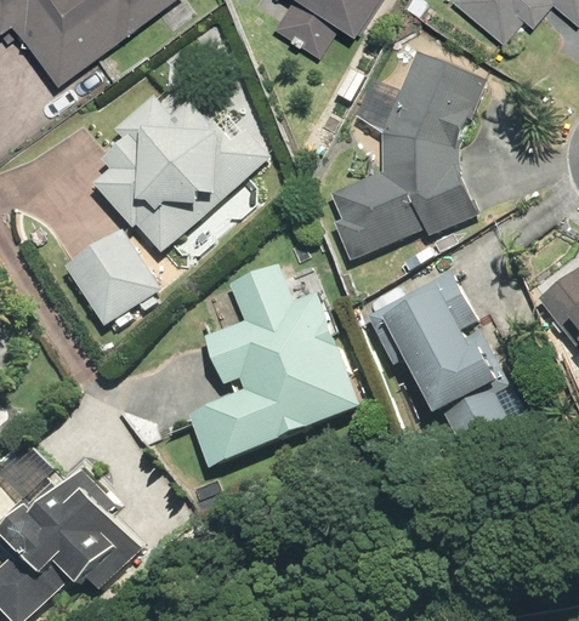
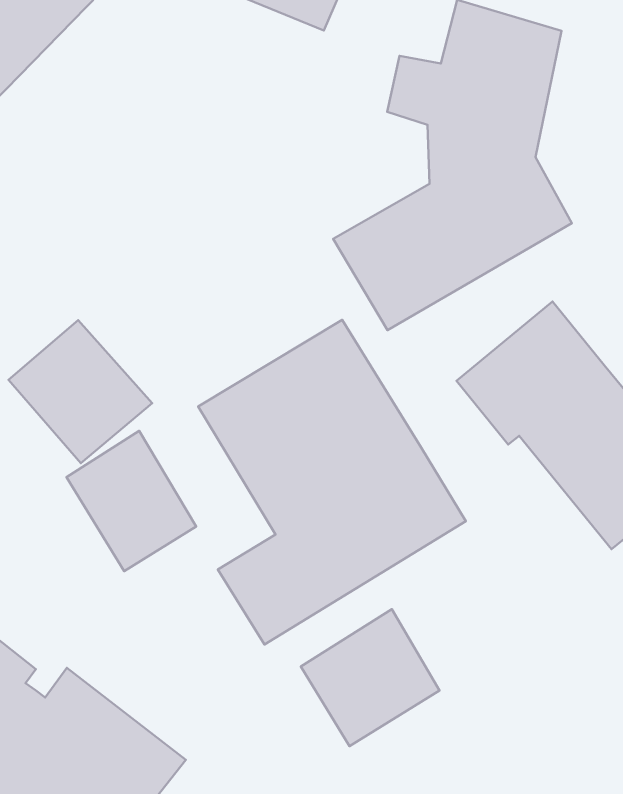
building: [95,86,266,268] -> none
building: none -> [67,431,196,571]
building: none -> [301,609,440,746]

